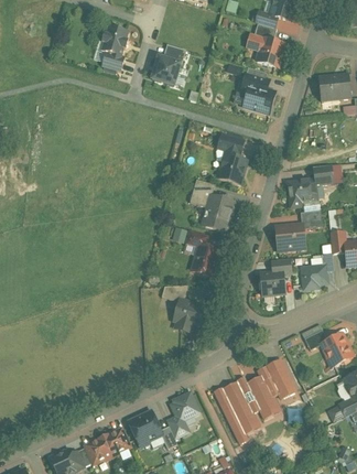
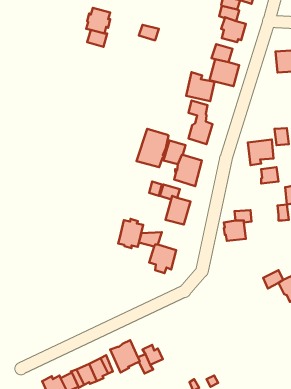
building: [148,56,178,86] -> none
building: none -> [186,72,214,101]
building: none -> [137,129,168,167]
building: [275,223,304,250] -> none
building: [301,265,326,288] -> none
building: none -> [118,219,143,248]
building: [213,357,295,443] -> none
building: [171,391,198,421] -> none

